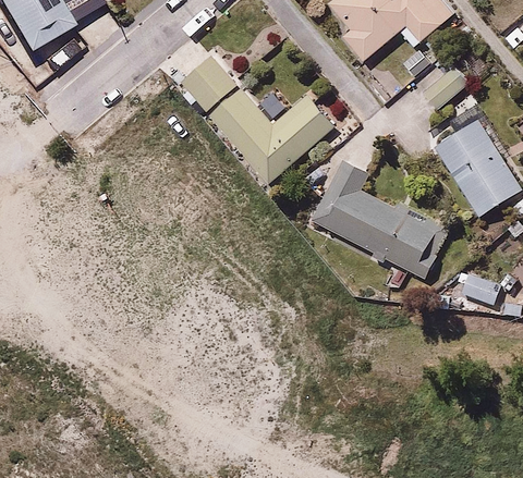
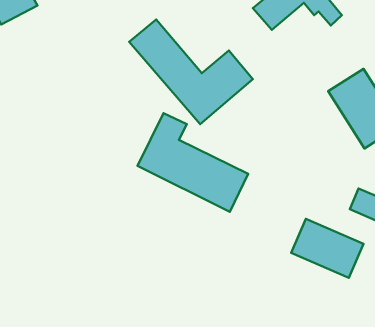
building: [422,65,471,113] -> none
building: [309,154,449,278] -> [137,113,248,212]
building: none -> [291,219,363,278]

